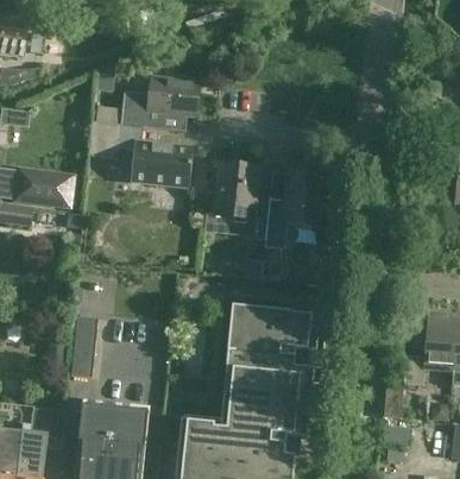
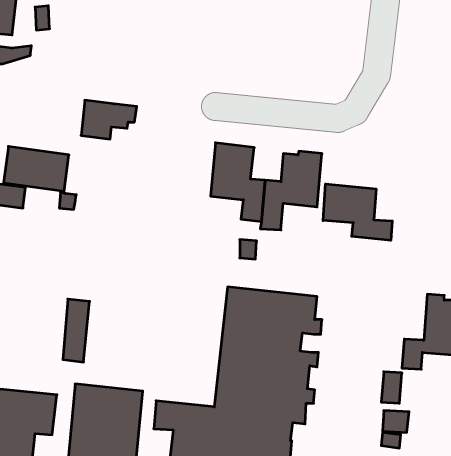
building: [121,75,201,126] -> none
building: [132,141,193,185] -> none
building: none -> [323,184,392,240]

